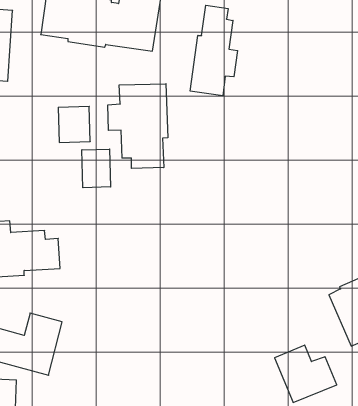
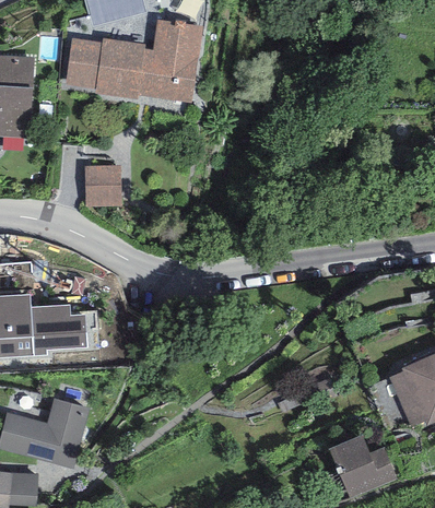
building: [190,5,238,96] -> none
building: [108,84,168,168] -> none
building: [82,149,111,188] -> none

